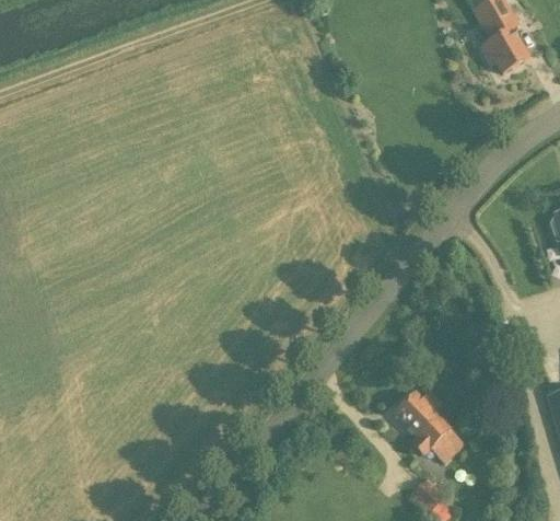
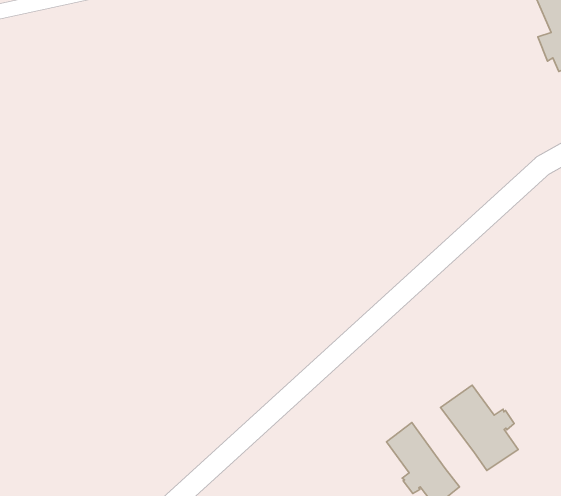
building: none -> [441,385,518,471]

